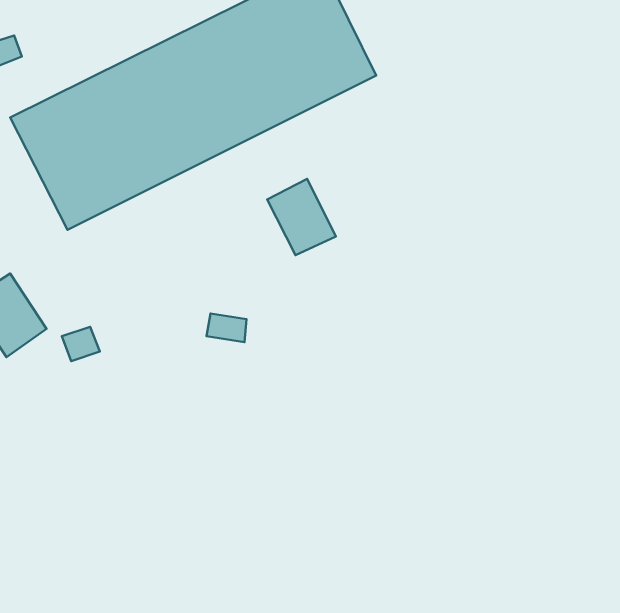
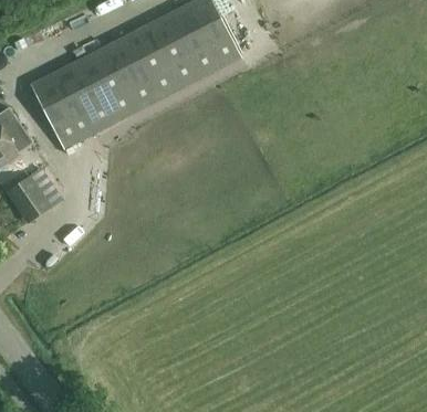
building: [267,179,336,255] -> none

